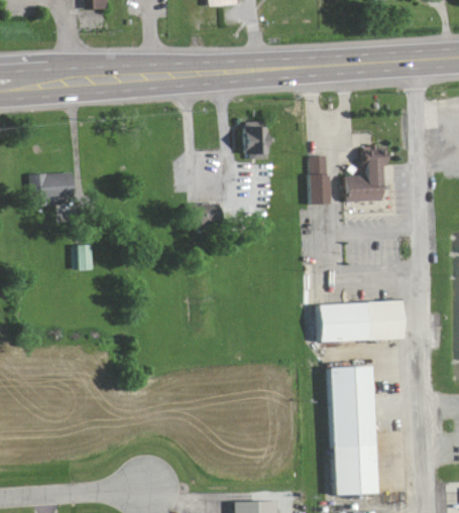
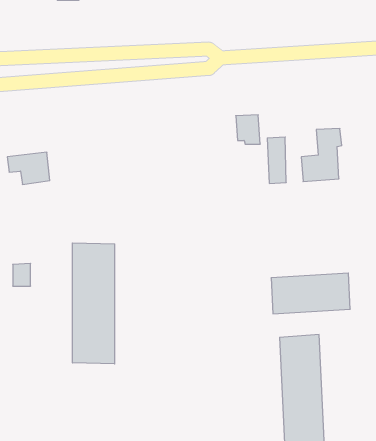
building: [247,126,273,157] -> [236,115,260,144]
building: [75,244,94,268] -> [13,263,31,286]
building: none -> [73,243,115,364]

